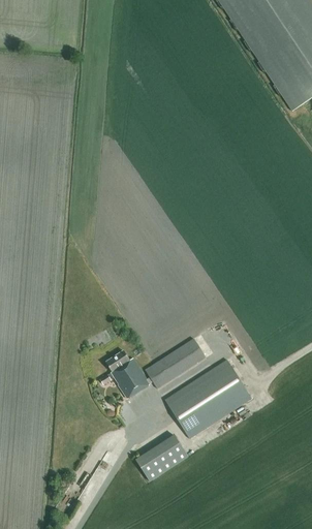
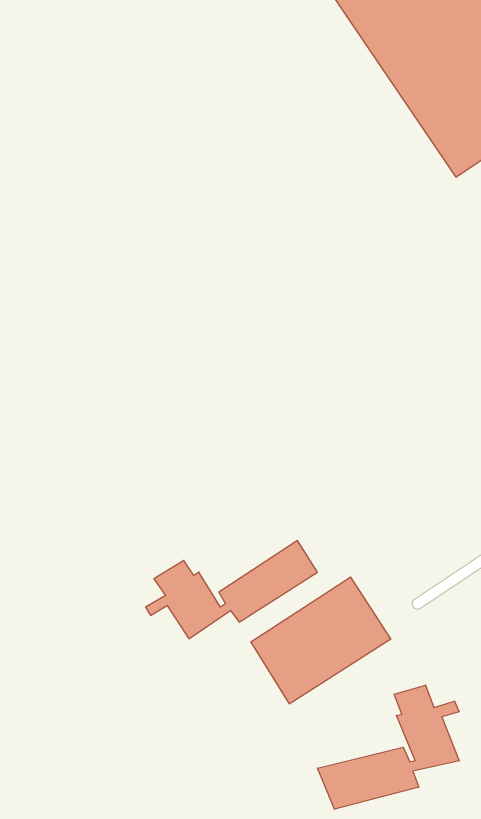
building: none -> [317,685,459,809]
building: [136,432,189,479] -> none

